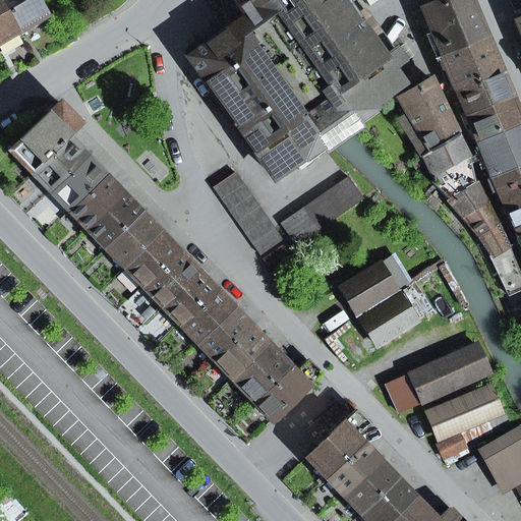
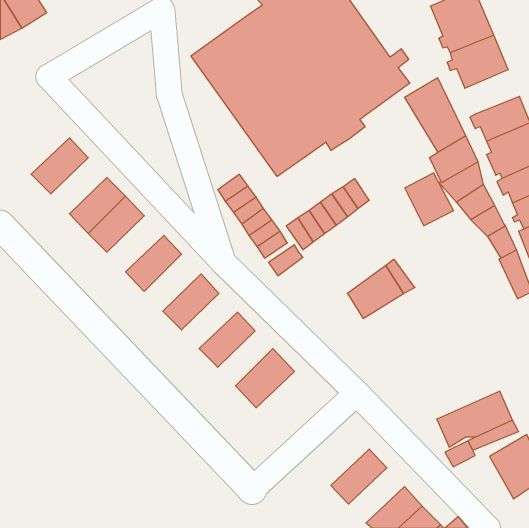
building: [457,68,511,115] -> none
building: [10,102,82,171] -> none
building: [51,155,106,210] -> none
building: none -> [405,173,454,226]
building: [106,212,162,267] -> none
building: [142,249,198,305] -> none
building: [179,288,234,342] -> none
building: [361,293,416,344] -> none
building: [215,325,269,379] -> none
building: [388,343,489,412] -> none
building: [252,358,322,420] -> none
building: [306,408,369,476] -> none
building: [343,459,398,513] -> none

